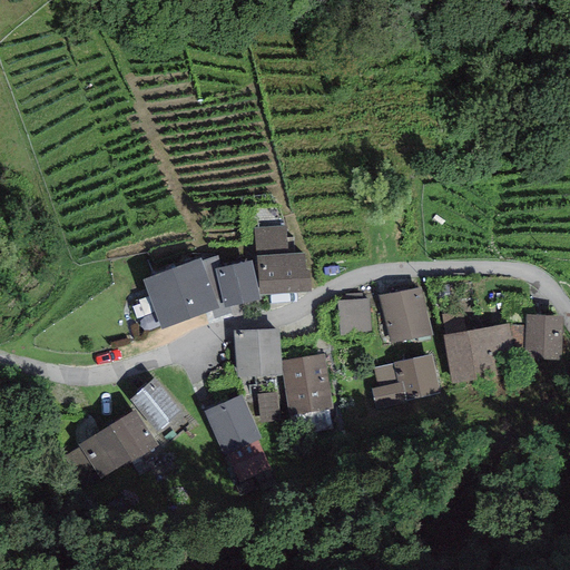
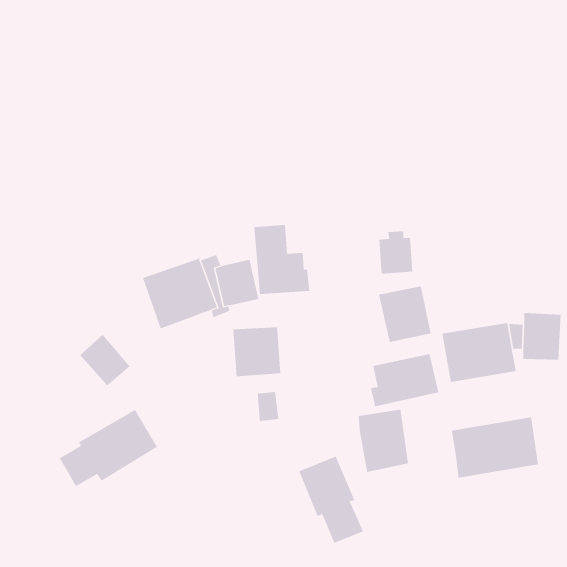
building: [337,292,372,335] -> [379,231,413,274]
building: [282,353,333,416] -> [358,409,409,473]
building: [130,377,181,430] -> [79,334,131,386]
building: [205,394,271,482] -> [298,456,364,544]
building: none -> [451,417,539,478]

